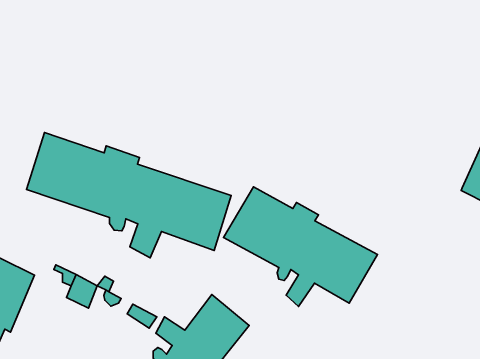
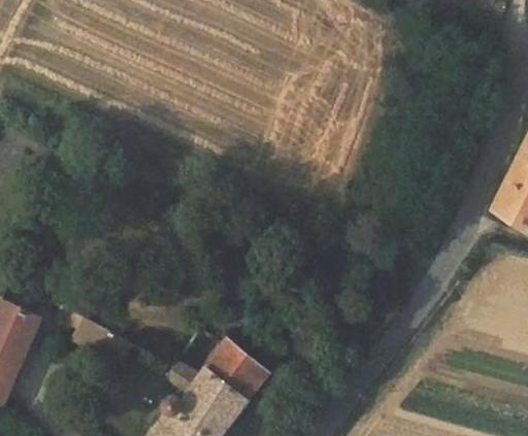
building: [27,133,231,258] -> none
building: [224,187,377,306] -> none

